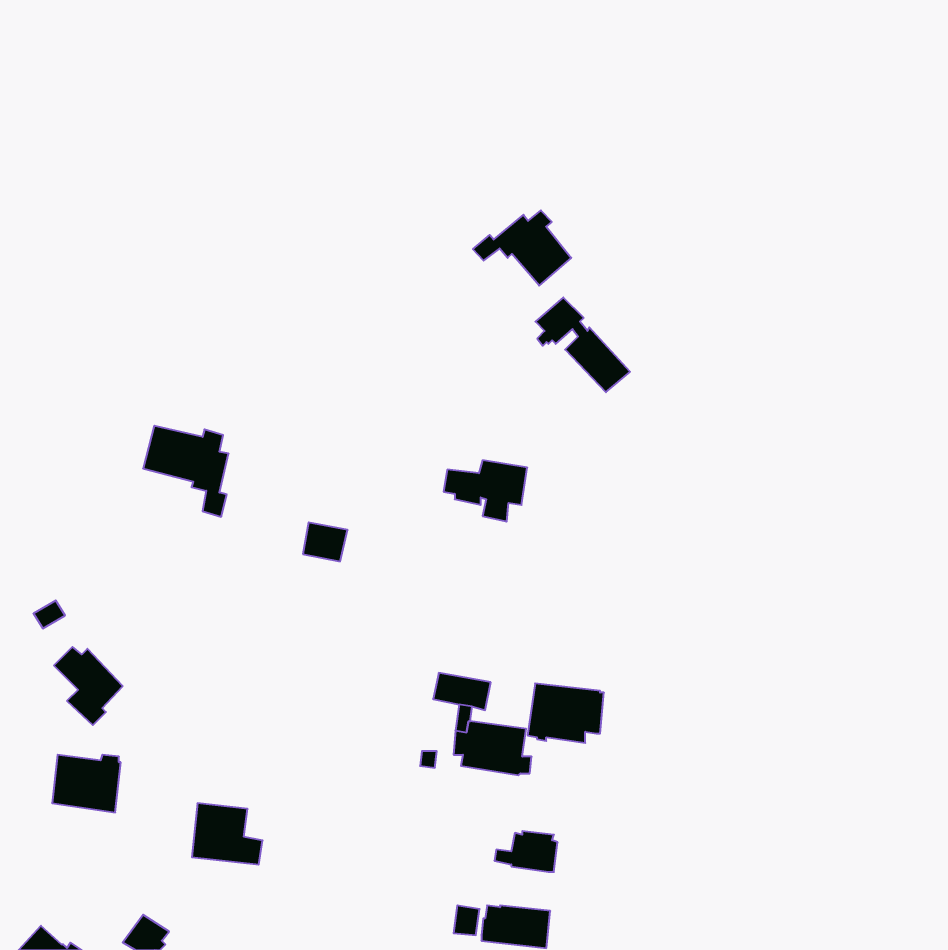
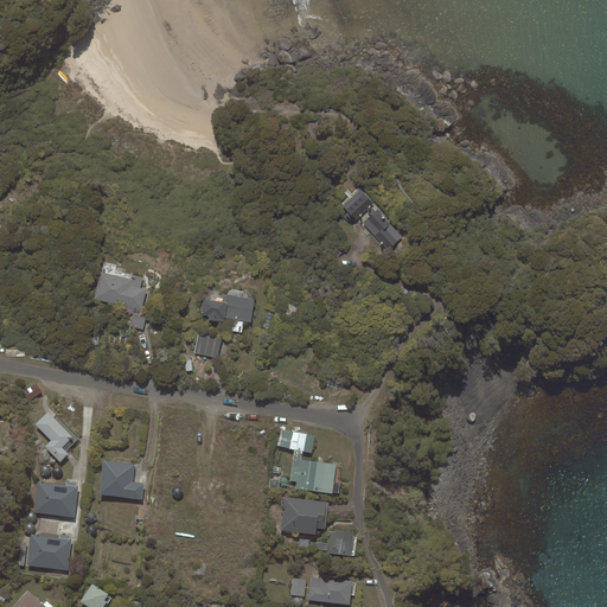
building: [473,210,571,286] -> none
building: [444,460,527,522] -> [200,294,254,333]
building: [528,683,604,743] -> [279,497,327,535]
building: [192,803,263,865] -> [98,460,143,499]
building: none -> [26,533,71,570]

